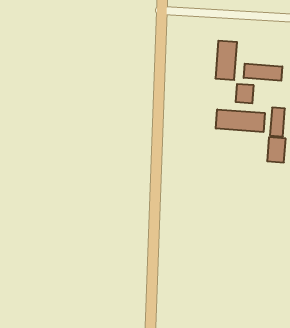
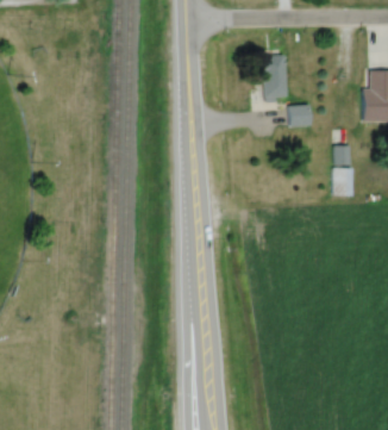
building: [244,64,282,81] -> none
building: [216,109,265,132] -> none

